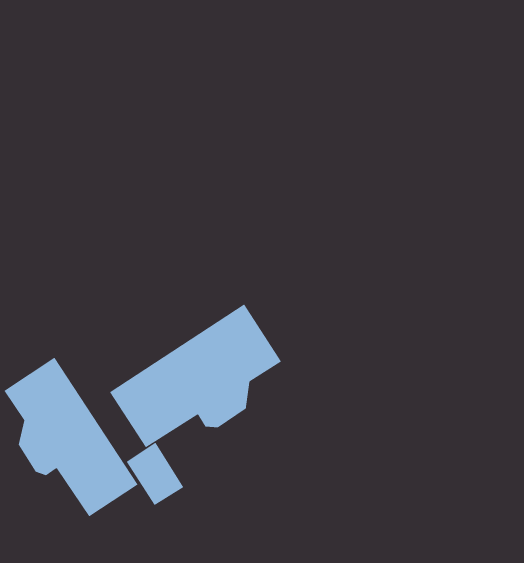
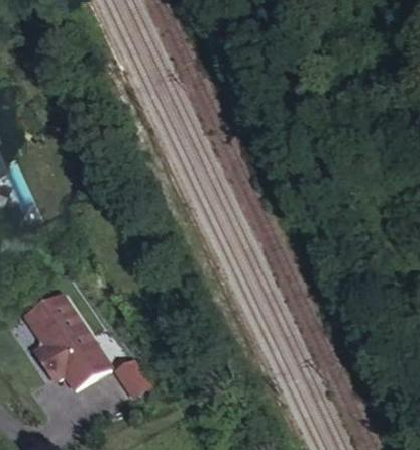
building: [109,303,282,448] -> none

